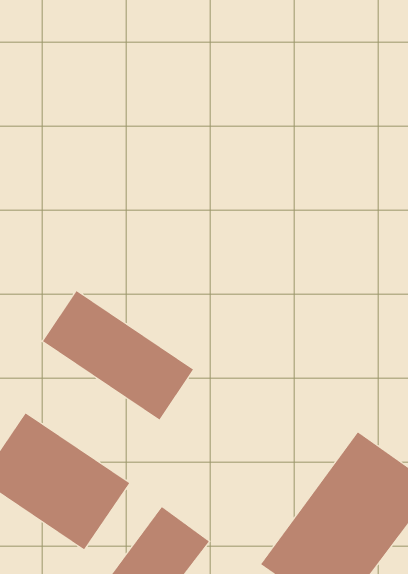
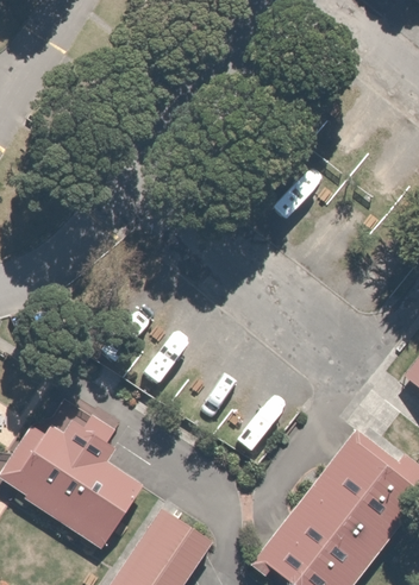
building: [42,290,194,421] -> none

